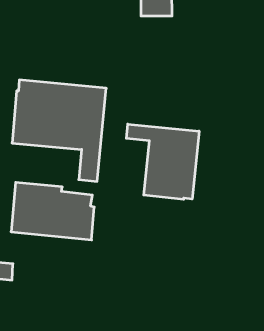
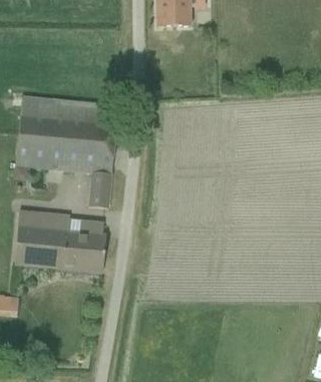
building: [126,124,199,199] -> none

